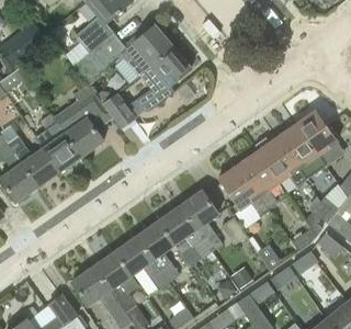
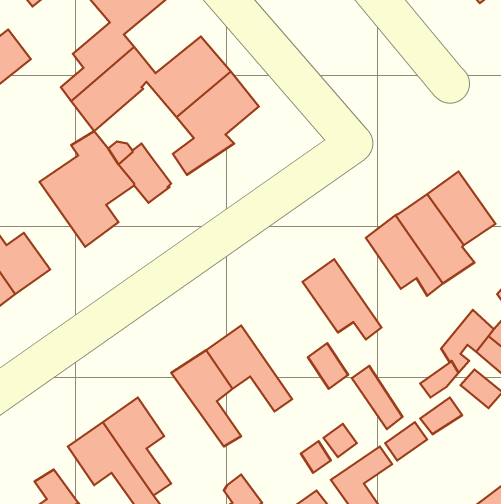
building: [39,112,82,170] -> none
building: [238,150,280,206] -> none
building: [180,190,223,251] -> none
building: [115,235,169,290] -> none

